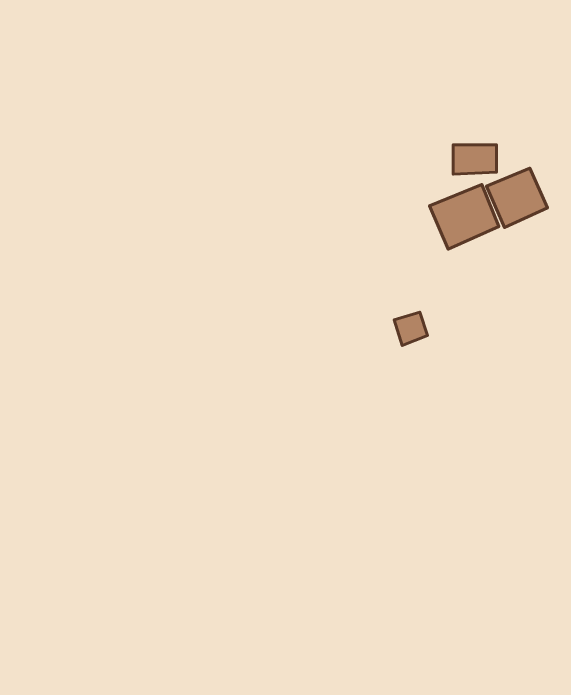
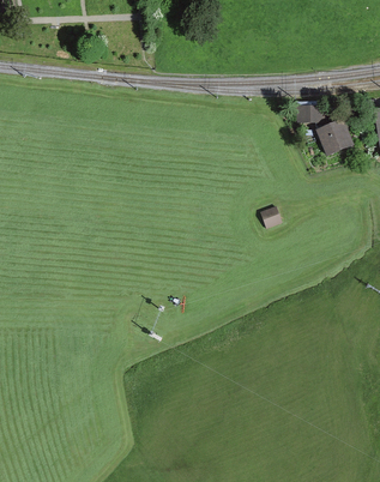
building: [429,184,499,249] -> none

